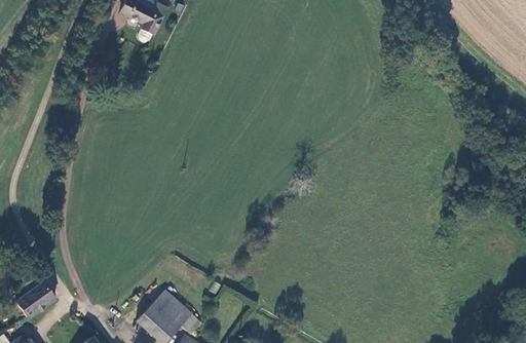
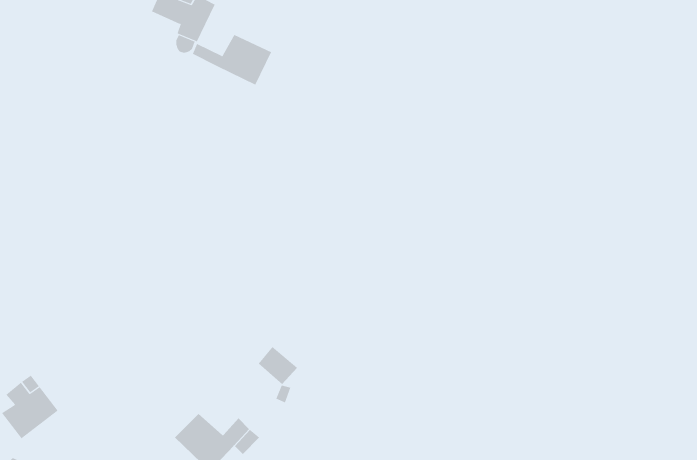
building: none -> [192,34,272,86]
building: [154,290,183,317] -> [258,346,298,385]

